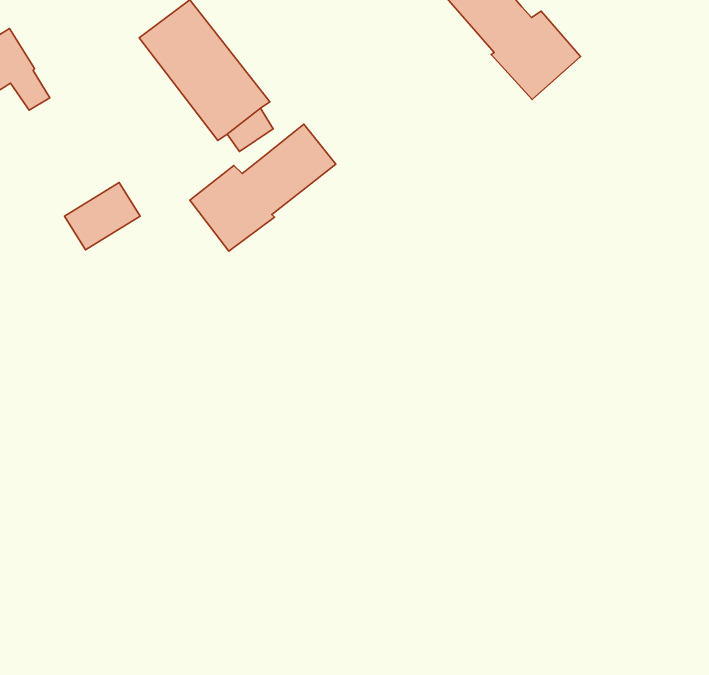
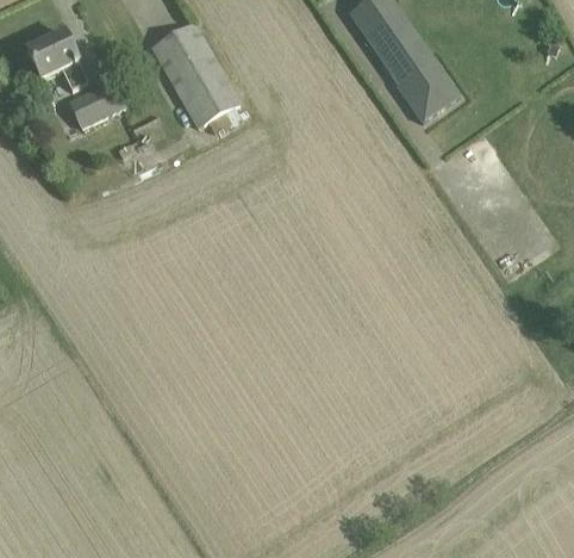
building: [190,124,336,251] -> none
building: [65,183,140,250] -> [70,79,123,123]

